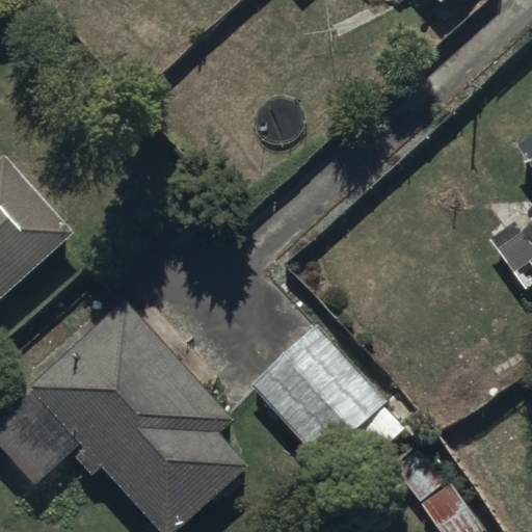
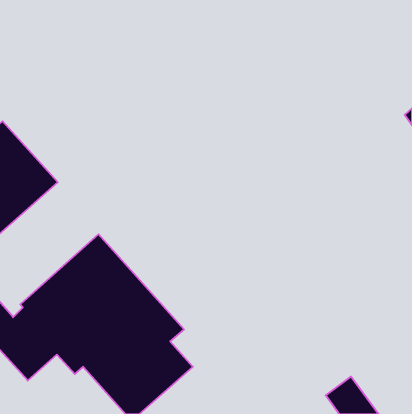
building: [244,321,387,466] -> none

